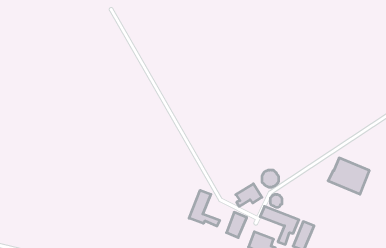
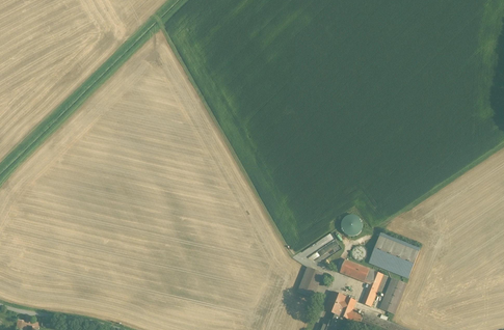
building: [328,158,369,194] -> [368,233,419,278]
building: [189,190,220,226] -> none

